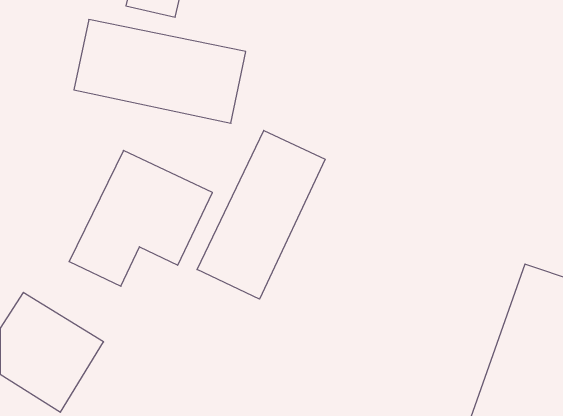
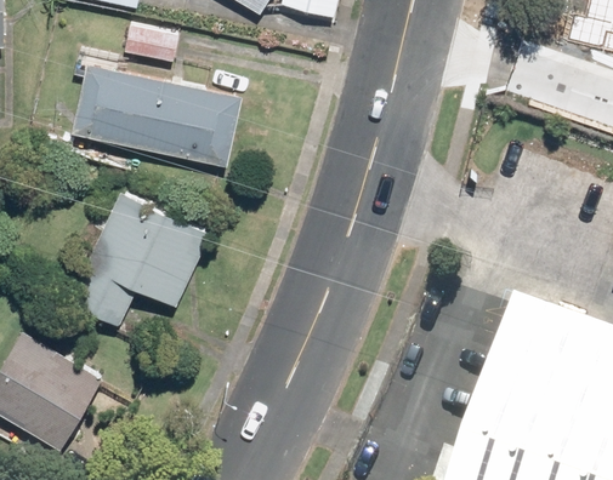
building: [197,130,325,299] -> none

